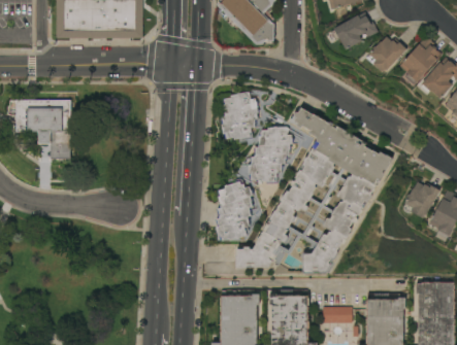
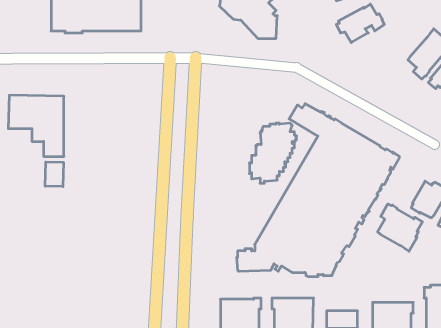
building: [366,37,406,73] -> none
building: [221,92,258,140] -> none
building: none -> [45,162,63,187]
building: [216,181,253,241] -> none
building: none -> [378,204,422,251]

